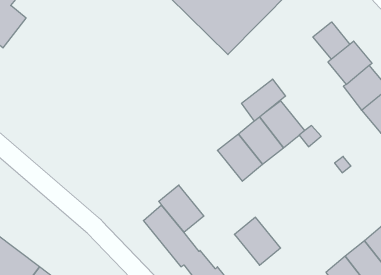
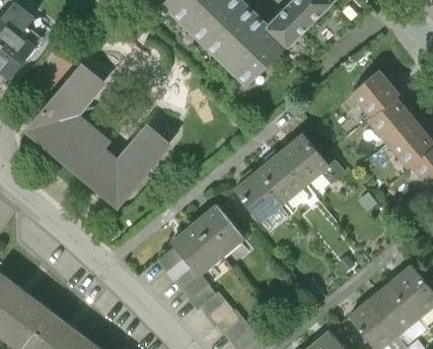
building: [313,22,350,59] -> none
building: none -> [23,63,170,210]
building: [242,79,286,121] -> none
building: [234,217,281,265] -> [195,206,243,257]

